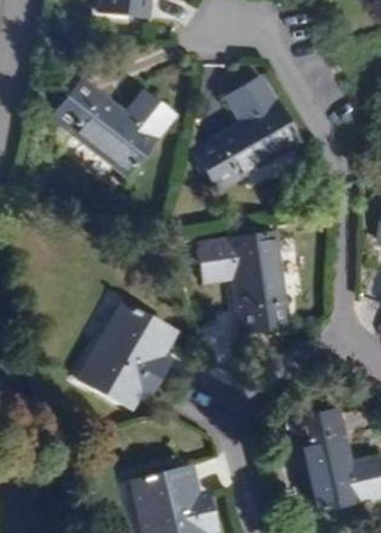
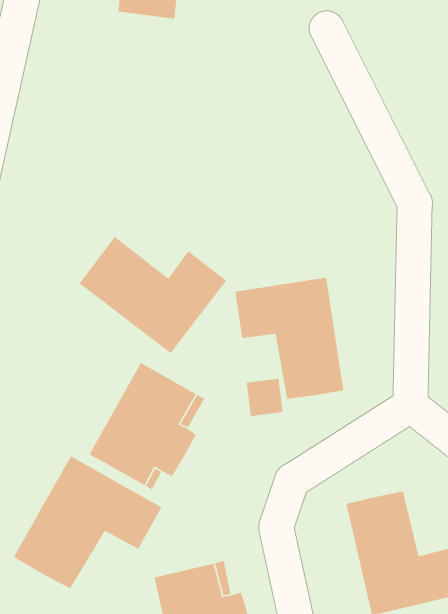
building: [192,77,300,190] -> none
building: [50,78,174,176] -> [79,236,227,354]
building: none -> [13,455,162,589]

